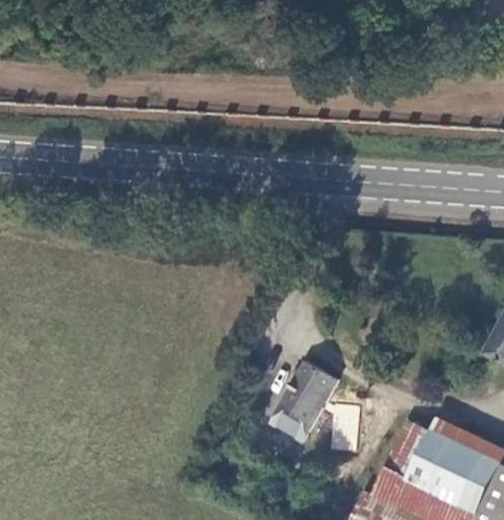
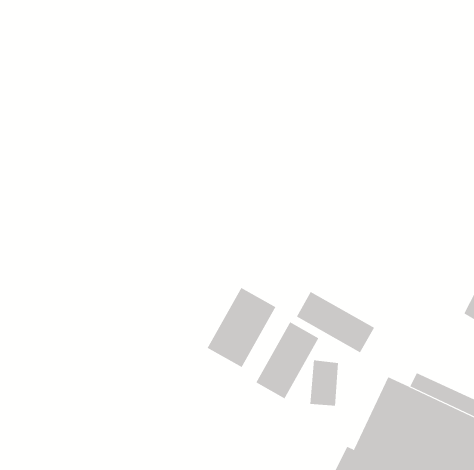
building: none -> [207,287,276,368]
building: none -> [296,291,375,353]

